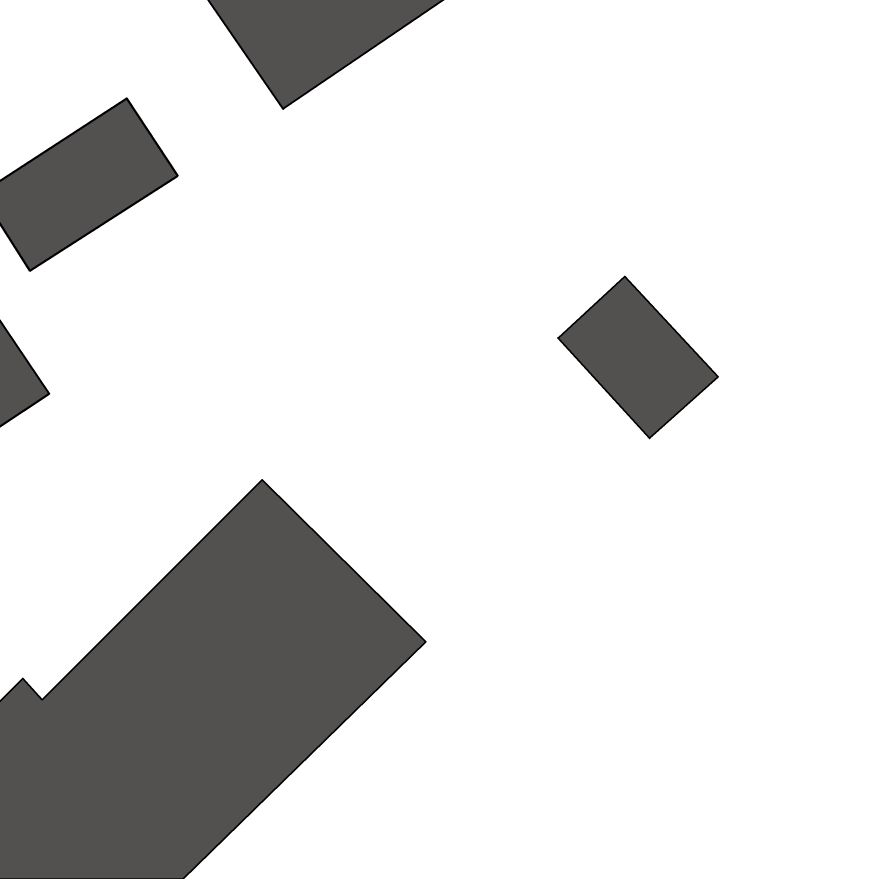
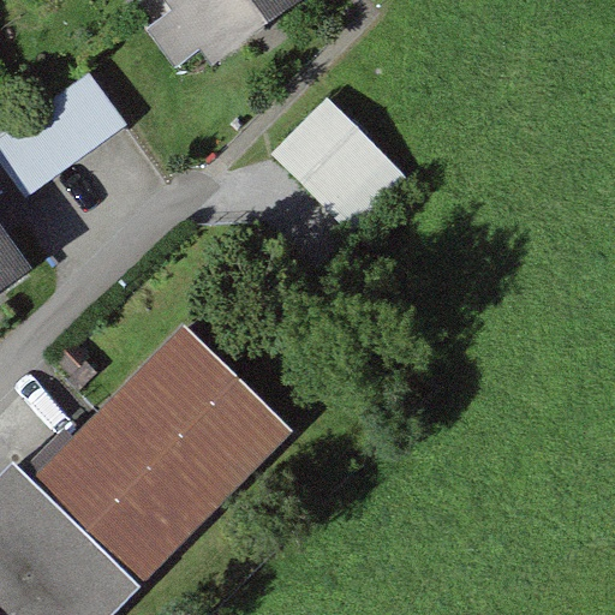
building: [558,277,718,438] -> [279,100,388,210]

